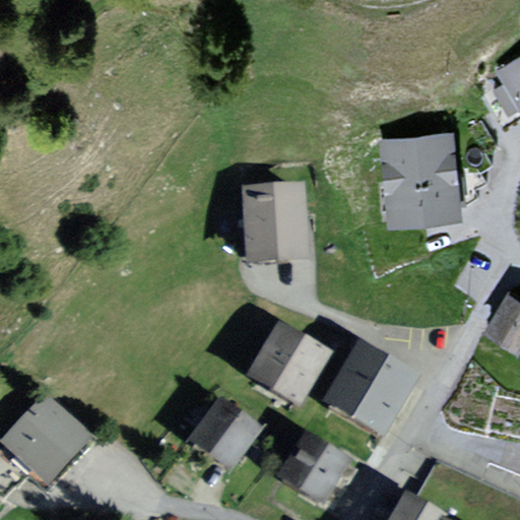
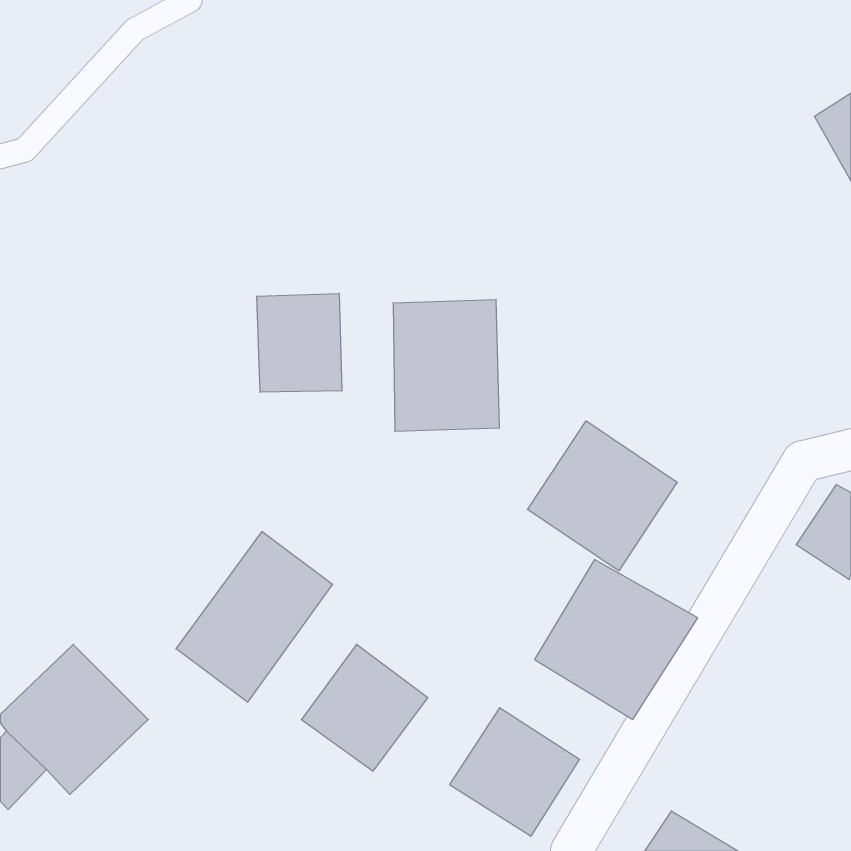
building: [374,131,461,223] -> none
building: none -> [257,293,342,392]
building: [251,318,342,409] -> [527,421,677,571]
building: none -> [176,532,332,702]

